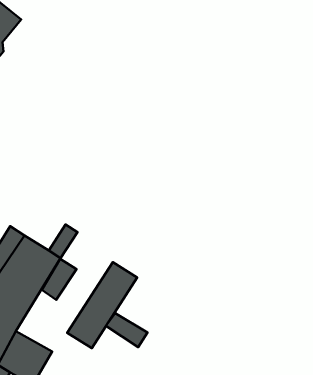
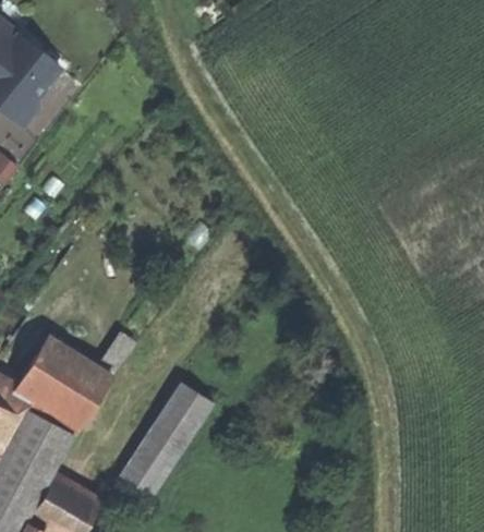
building: [42,259,76,300] -> none
building: [106,313,147,347] -> none

